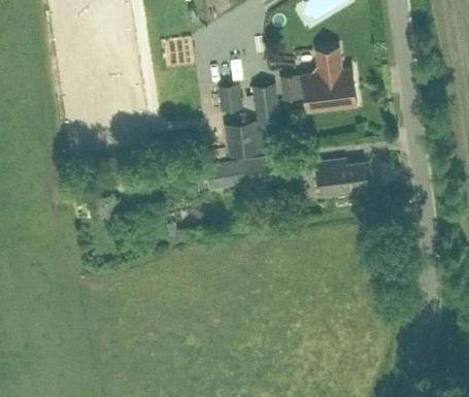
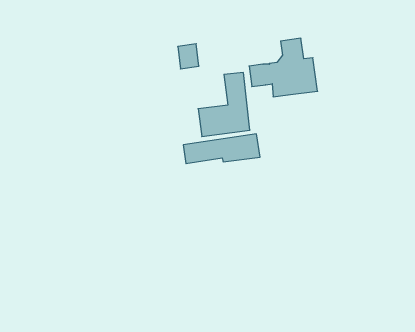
building: [219,84,242,111] -> [178,44,199,69]
building: [316,160,368,197] -> none

